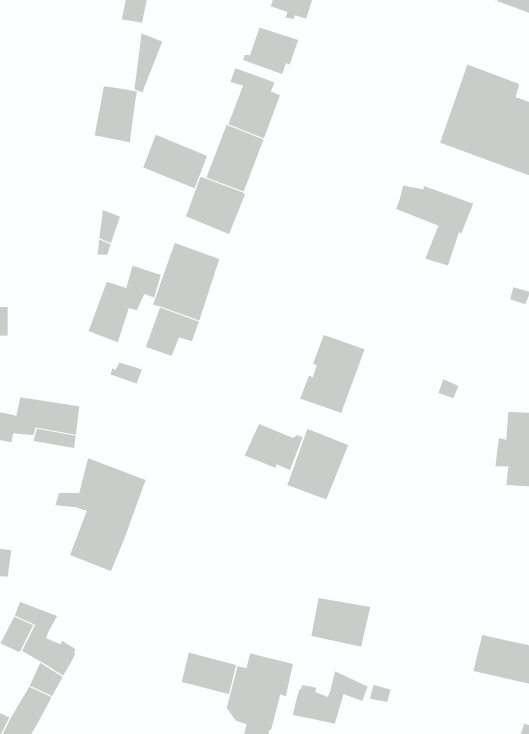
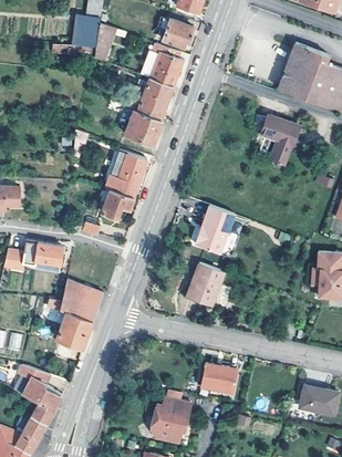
building: [94,86,138,143] -> [73,14,100,49]
building: [142,134,208,189] -> none
building: [88,265,162,343] -> none
building: [244,423,304,471] -> none
building: [181,652,237,695] -> none
building: [292,671,369,725] -> none

